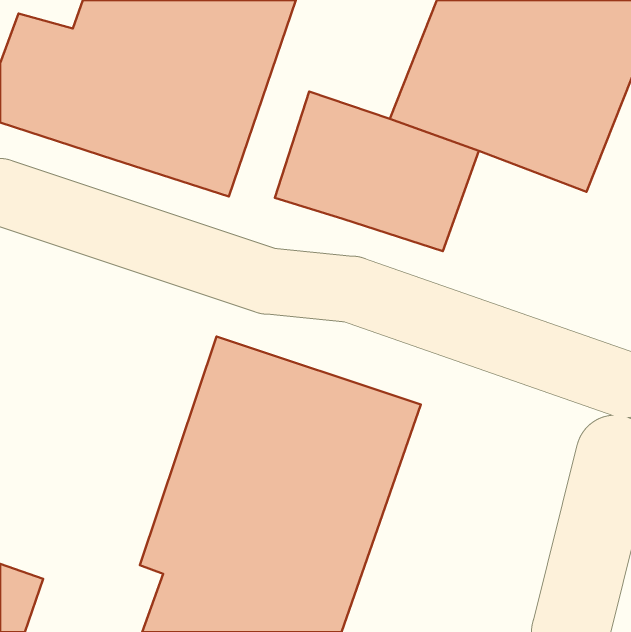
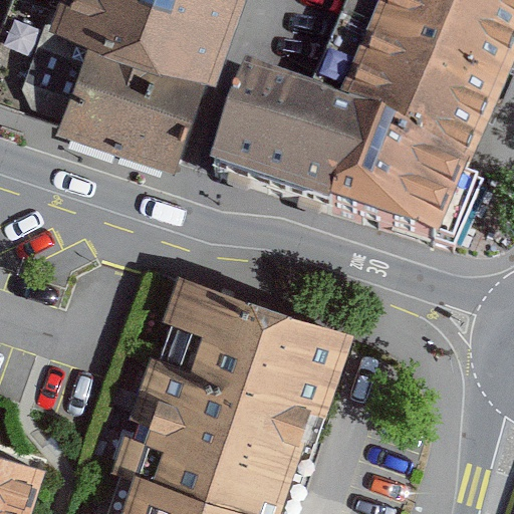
building: none -> [360,122,477,234]

